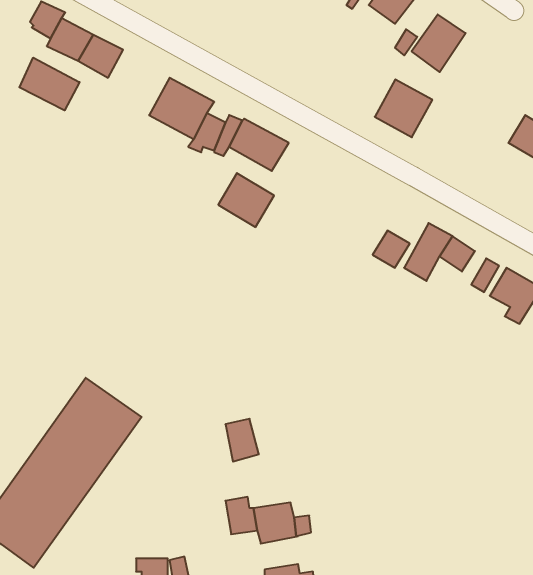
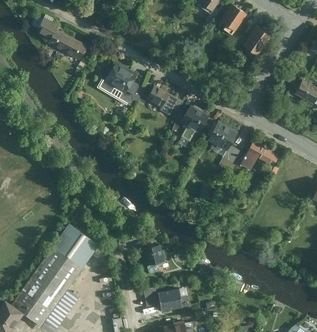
building: [19,58,80,110] -> none
building: [375,79,432,137] -> [206,118,237,149]
building: [218,173,274,227] -> [179,103,209,132]

